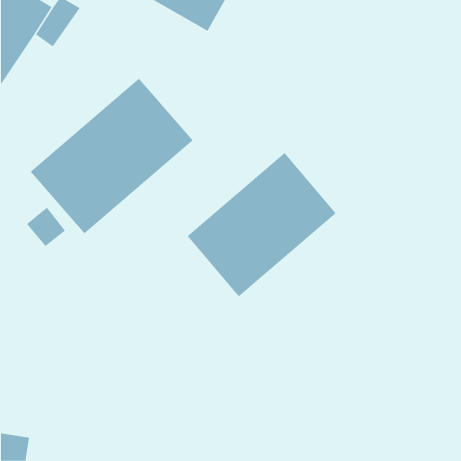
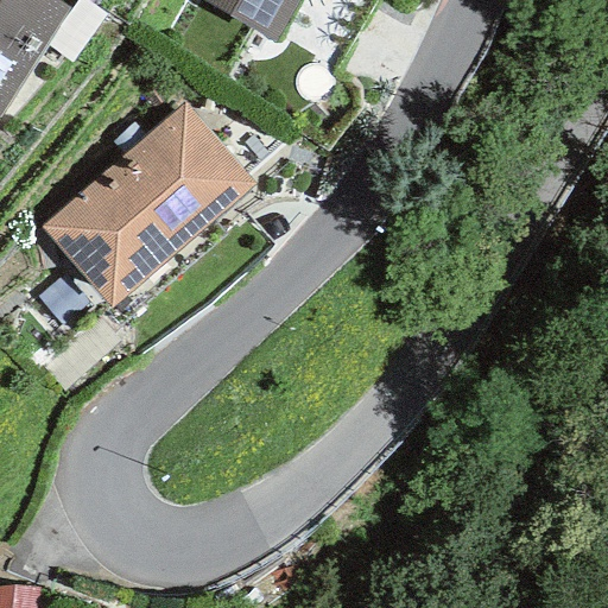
building: [187,152,336,297] -> none

